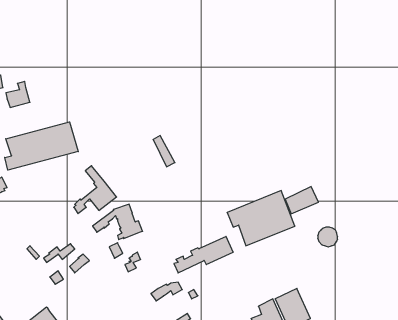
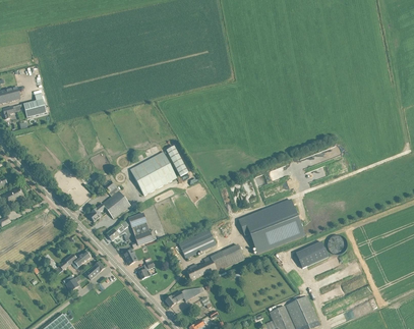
building: [5,122,78,170] -> none
building: none -> [129,151,176,195]
building: [285,187,318,214] -> [295,240,328,267]
building: none -> [177,228,215,258]

